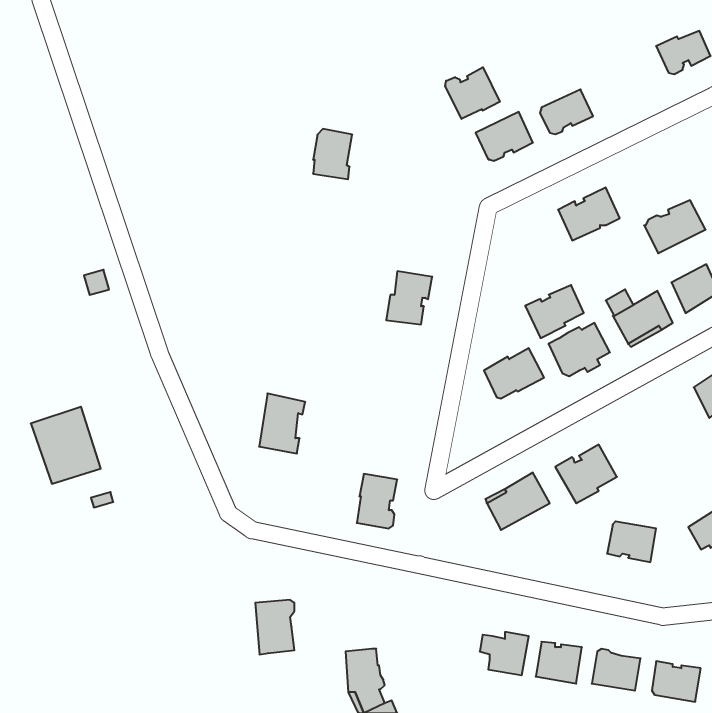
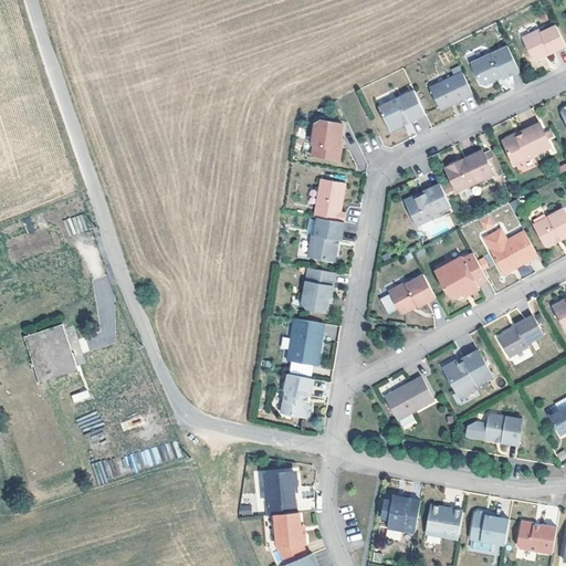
building: none -> [470,45,517,84]
building: [445,67,500,119] -> none
building: [313,129,352,179] -> [311,117,342,157]
building: [644,200,706,253] -> [501,122,549,164]
building: none -> [313,177,345,219]
building: [525,285,584,338] -> [400,186,447,228]
building: none -> [302,269,336,314]
building: [259,393,305,454] -> [287,319,324,367]
building: none -> [496,316,541,358]
building: [255,600,294,654] -> [265,473,296,516]

